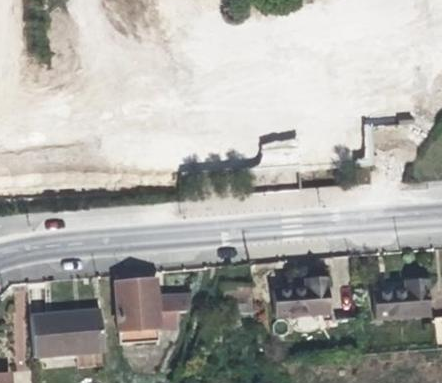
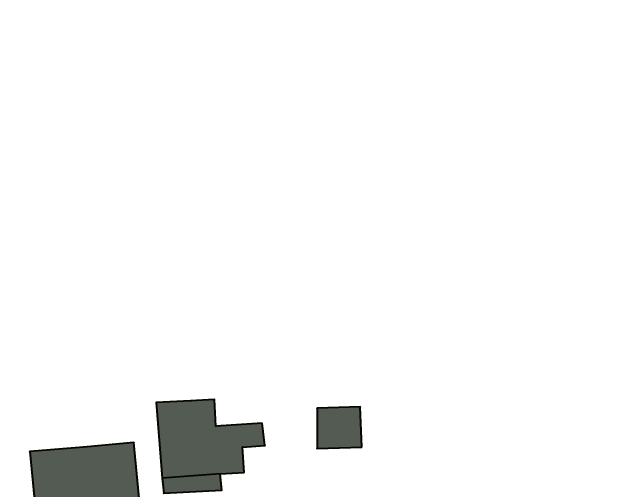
building: [274,277,329,317] -> none
building: [373,278,430,319] -> none

